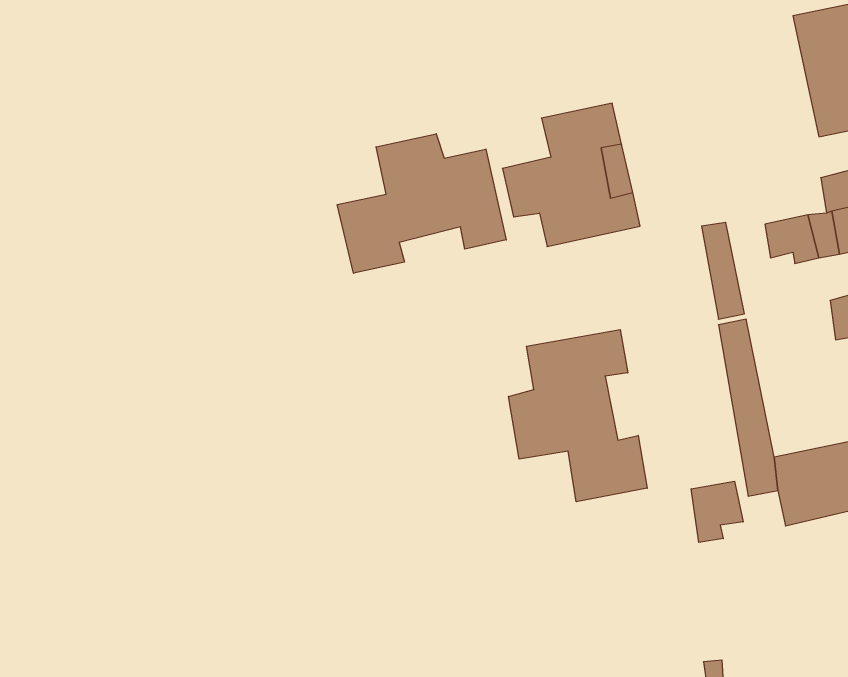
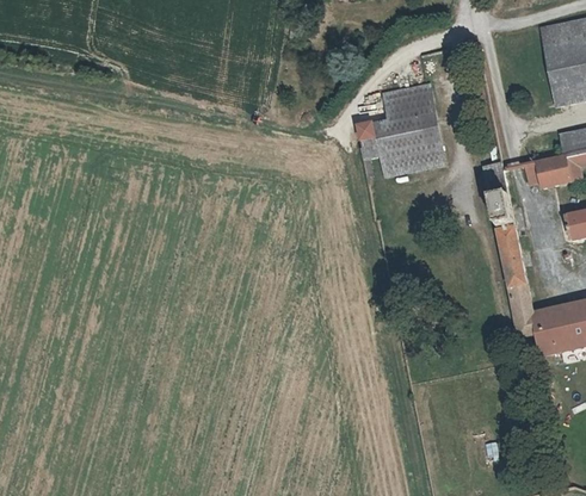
building: [337,134,506,273] -> none
building: [509,330,647,502] -> none
building: [691,481,743,542] -> none

